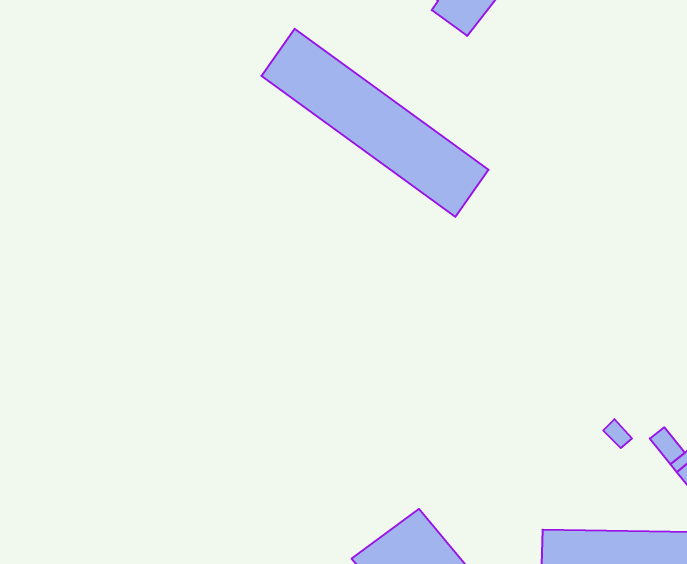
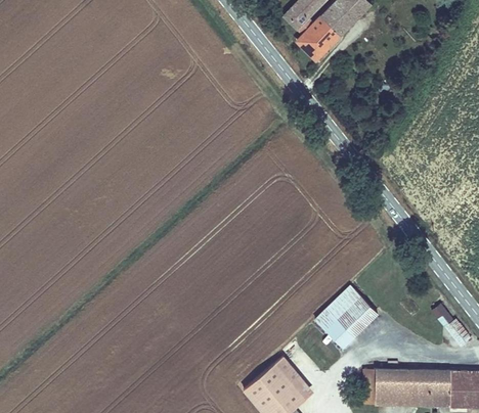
building: [261,29,489,217] -> none
building: none -> [314,285,380,350]

